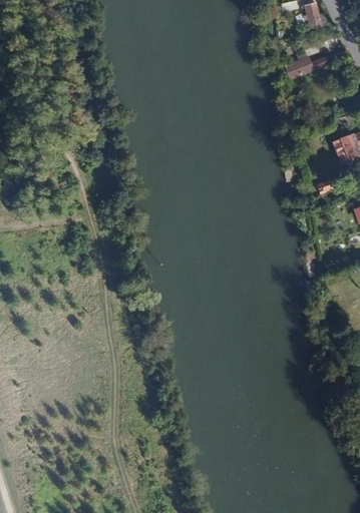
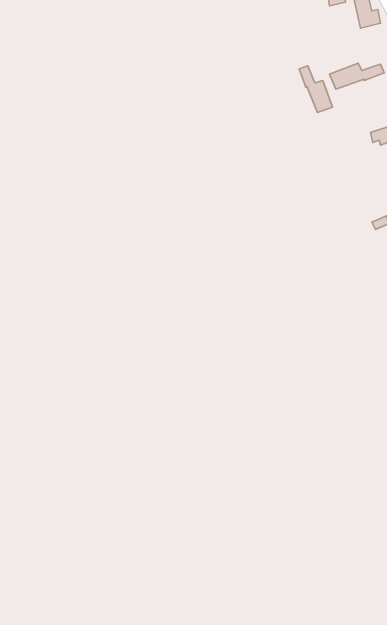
building: none -> [299,66,332,112]

